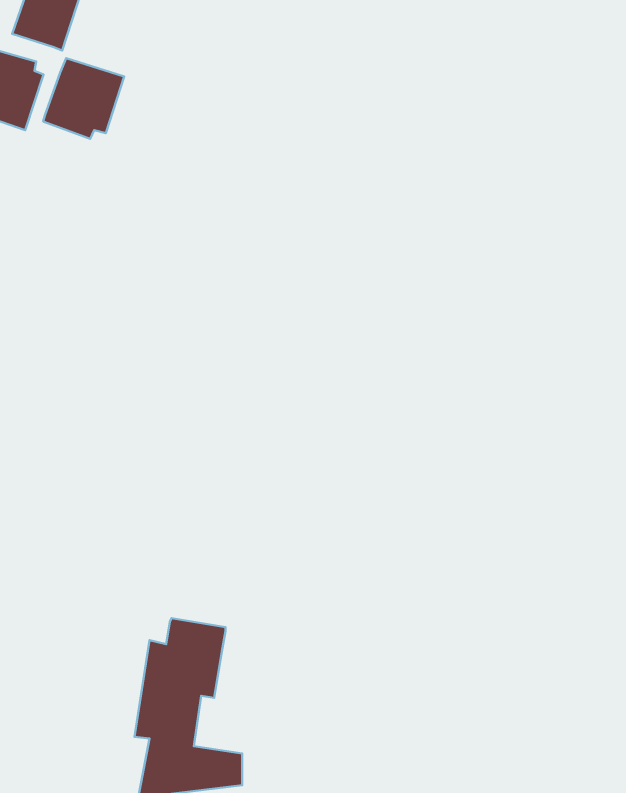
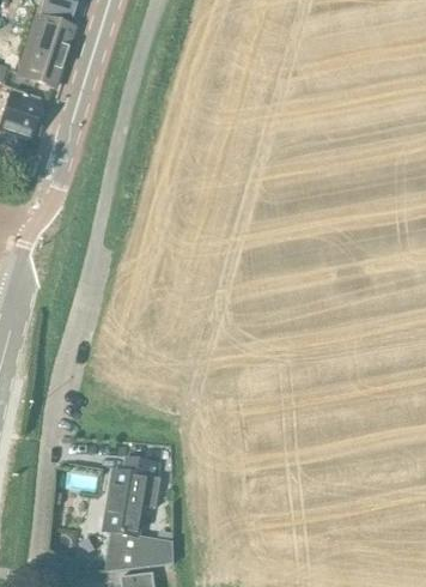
building: [43,58,124,139] -> none

